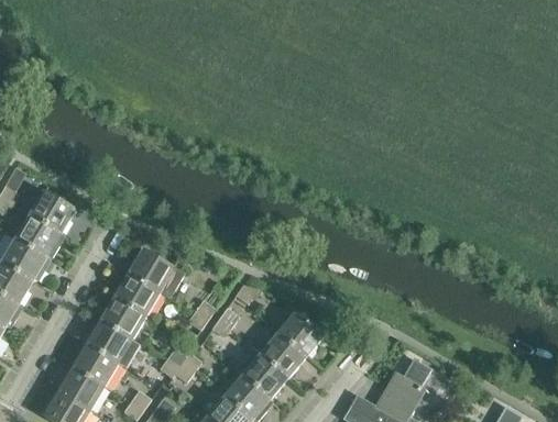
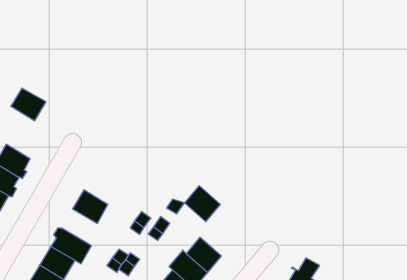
building: [30,191,75,233] -> [11,88,46,121]
building: [129,249,184,297] -> none
building: [100,297,146,340] -> none
building: [277,311,324,357] -> [184,186,221,222]

